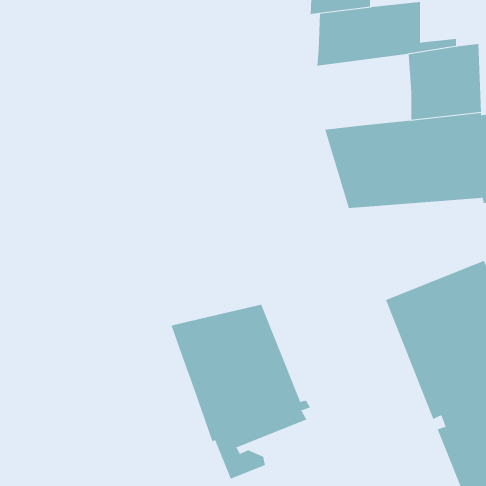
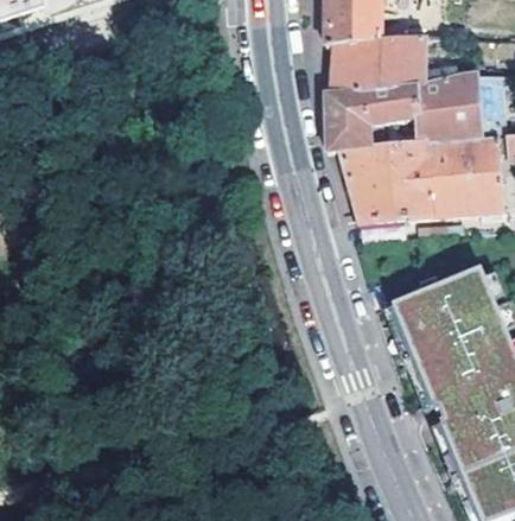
building: none -> [323,82,414,151]
building: [171,304,311,479] -> none

